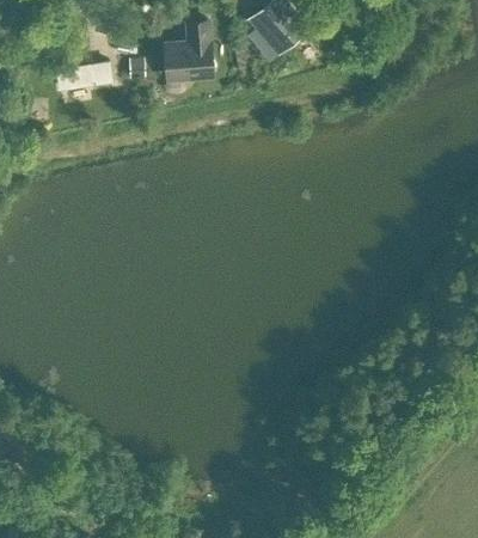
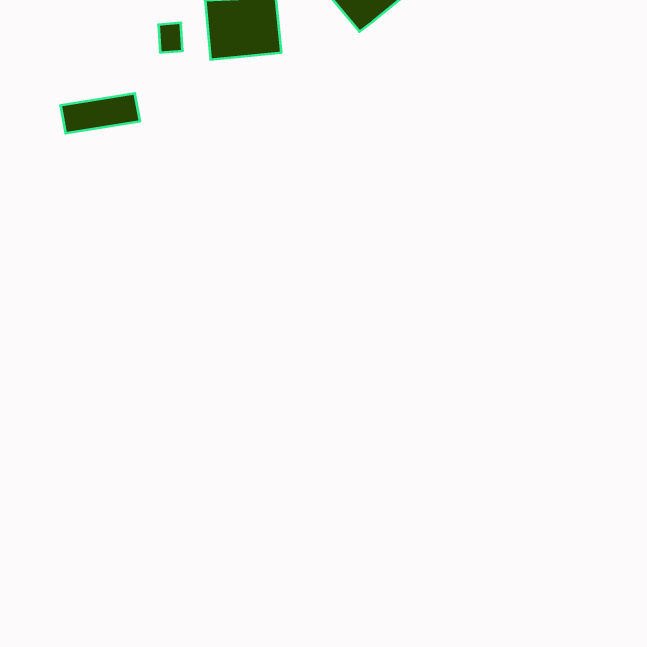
building: [56,63,111,91] -> [60,93,140,133]

